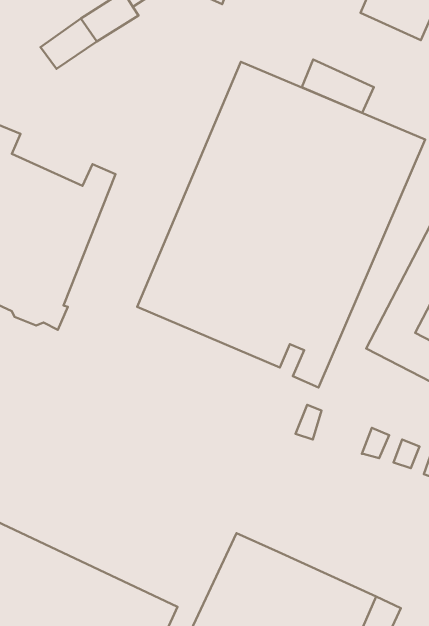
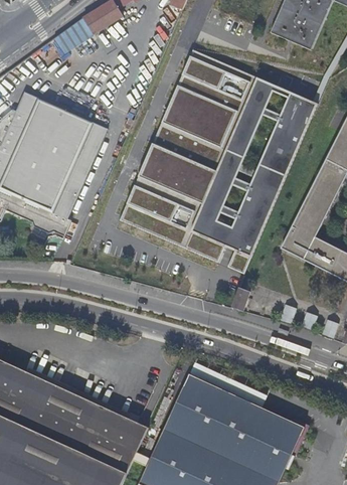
building: [302,60,374,113] -> [268,13,318,50]
building: none -> [32,98,89,134]

